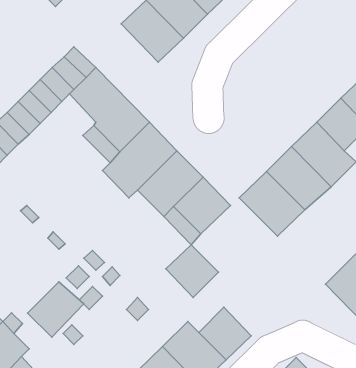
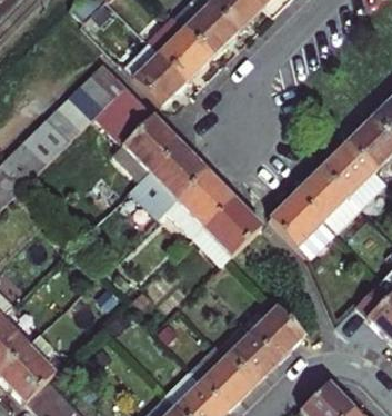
building: none -> [122,40,188,107]
building: [166,245,218,297] -> [254,304,308,357]
building: [28,282,84,337] -> none

